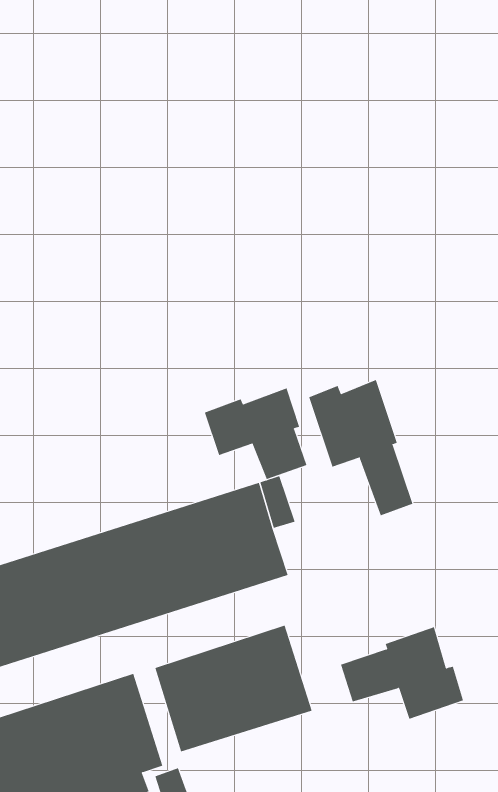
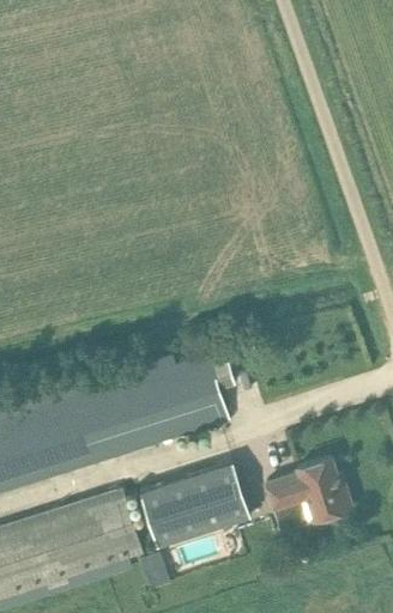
building: [309,379,413,516] -> none
building: [204,388,307,480] -> none

